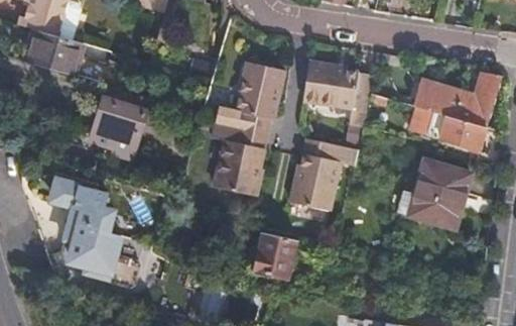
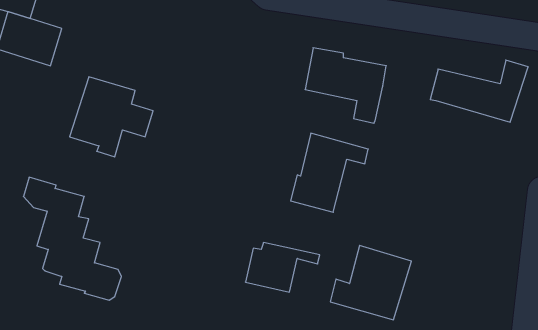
building: [210,61,281,194] -> none
building: [413,108,485,149] -> none
building: [398,160,471,227] -> [330,245,411,320]

